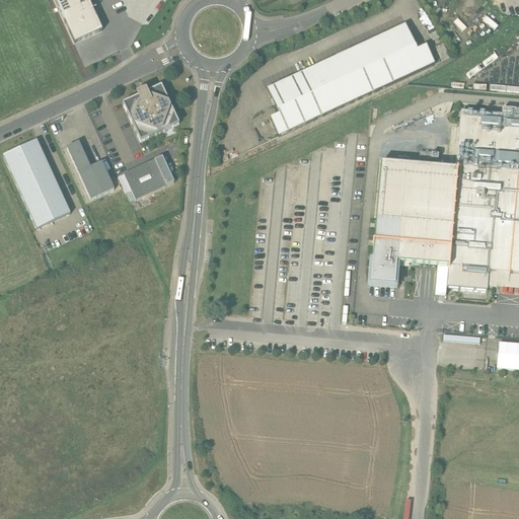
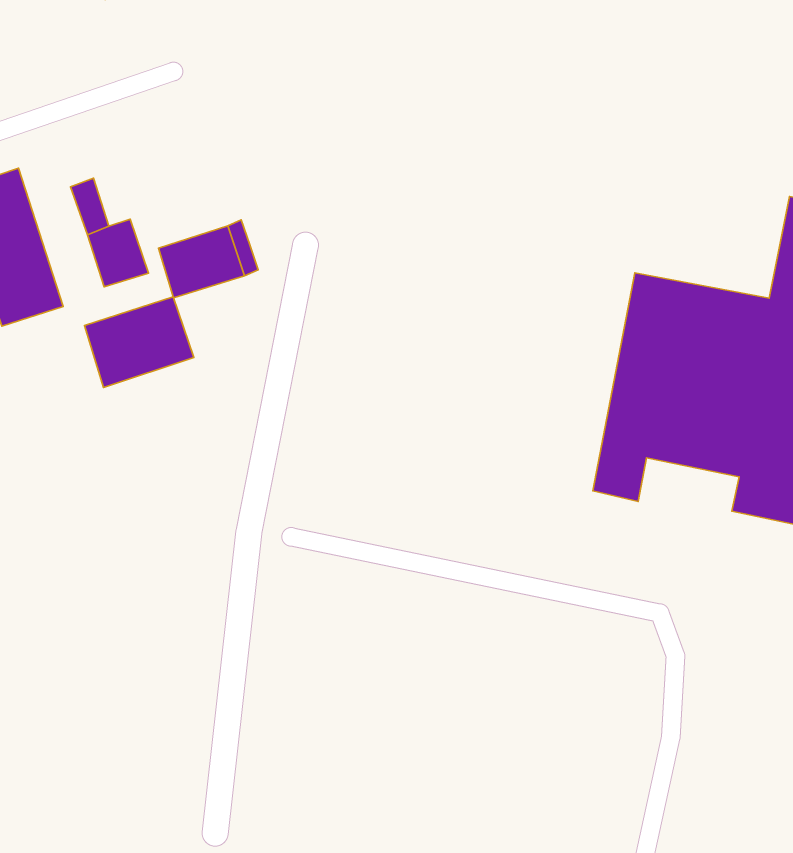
building: [268,20,436,134] -> none
building: [124,82,180,138] -> none
building: none -> [85,297,194,388]

